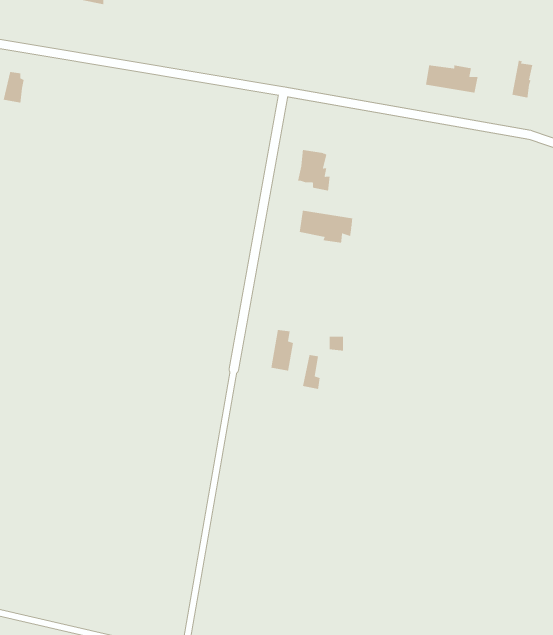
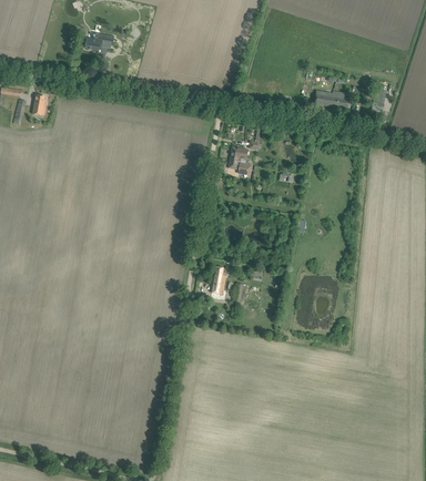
building: [299,210,353,244] -> none

